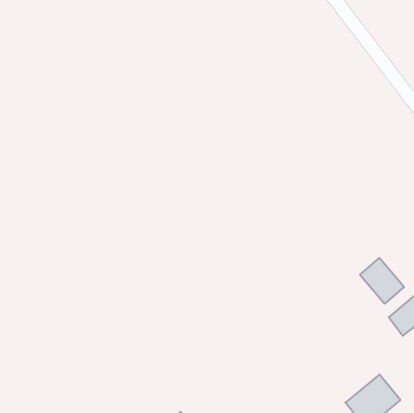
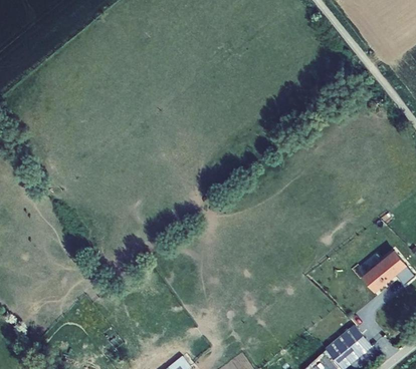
building: [360,258,404,304] -> none

